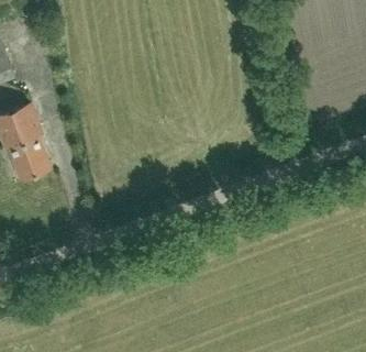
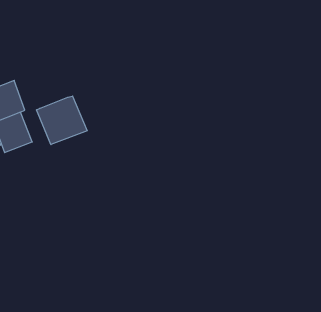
building: none -> [37,96,87,145]

